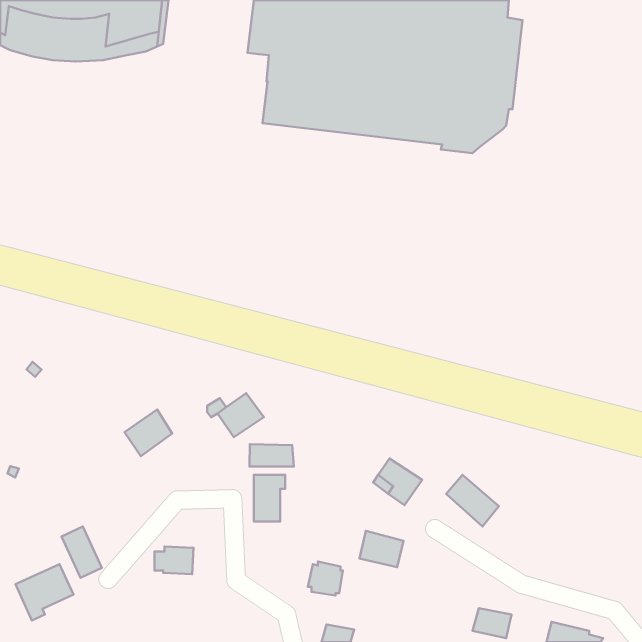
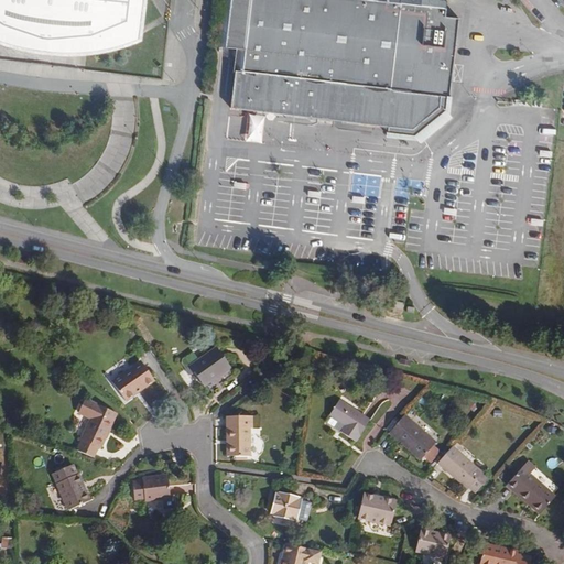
building: [250,444,294,466] -> none
building: none -> [75,392,118,452]
building: none -> [440,445,490,491]
building: none -> [507,463,555,517]
building: [360,531,404,567] -> [359,496,398,528]
building: [15,564,73,620] -> none

